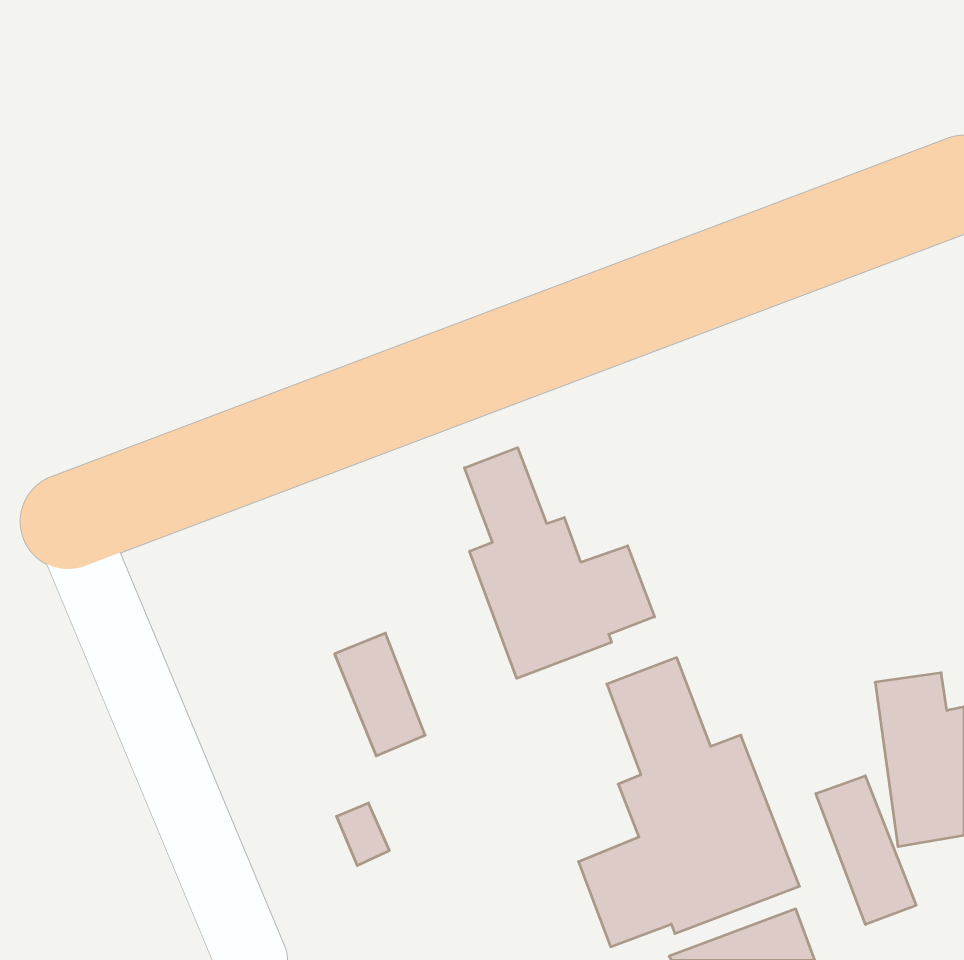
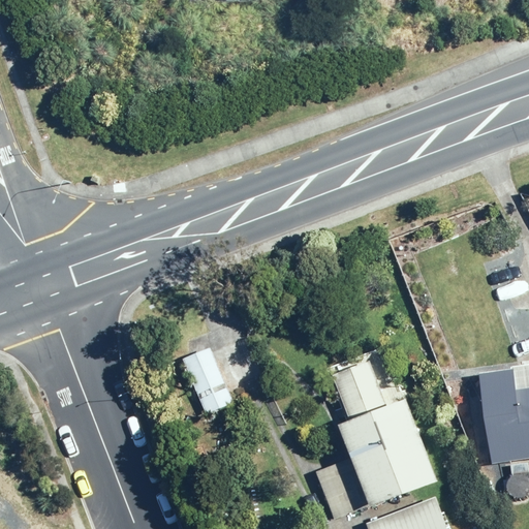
building: [464,448,655,678] -> none
building: [816,776,916,925] -> none

